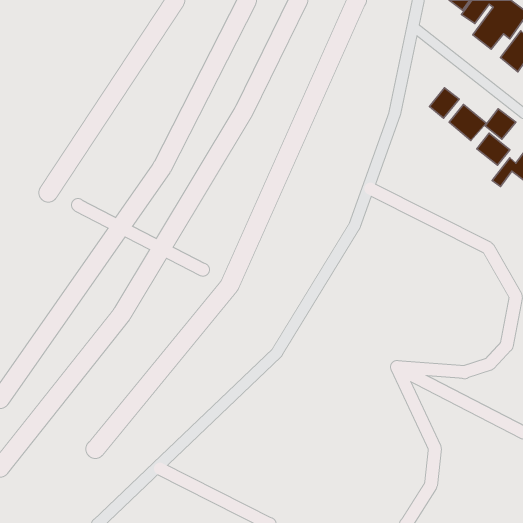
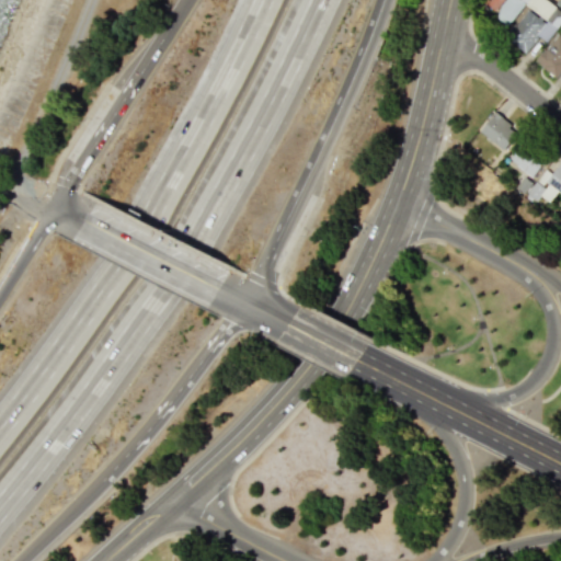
building: [430,88,459,118] -> none
building: [485,109,516,139] -> none

